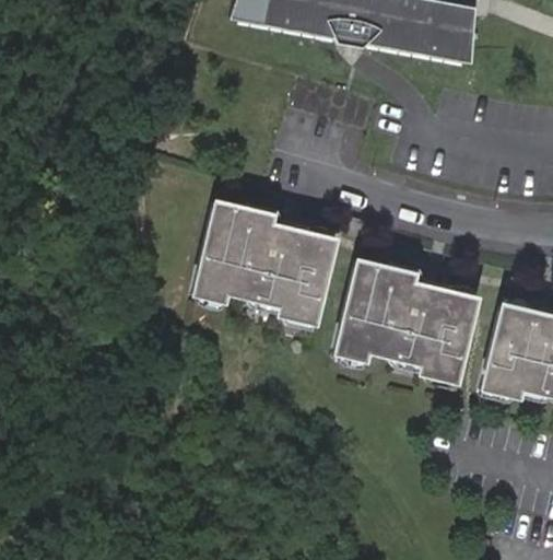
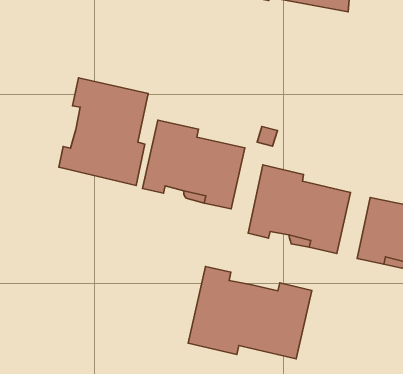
building: none -> [59,78,148,185]
building: none -> [188,267,312,359]

